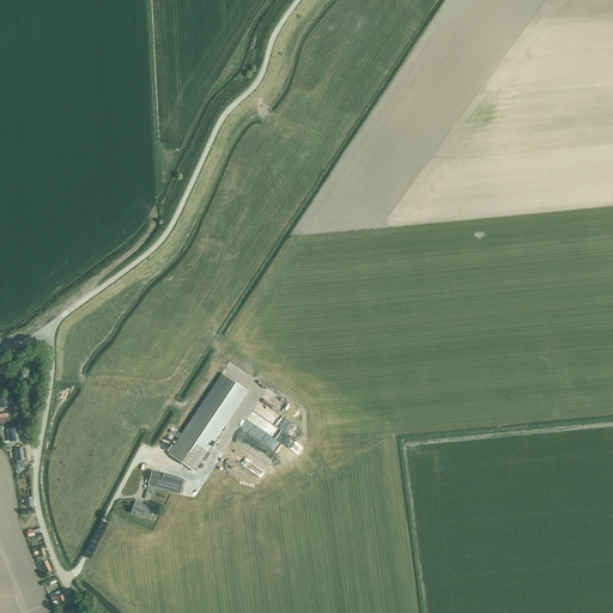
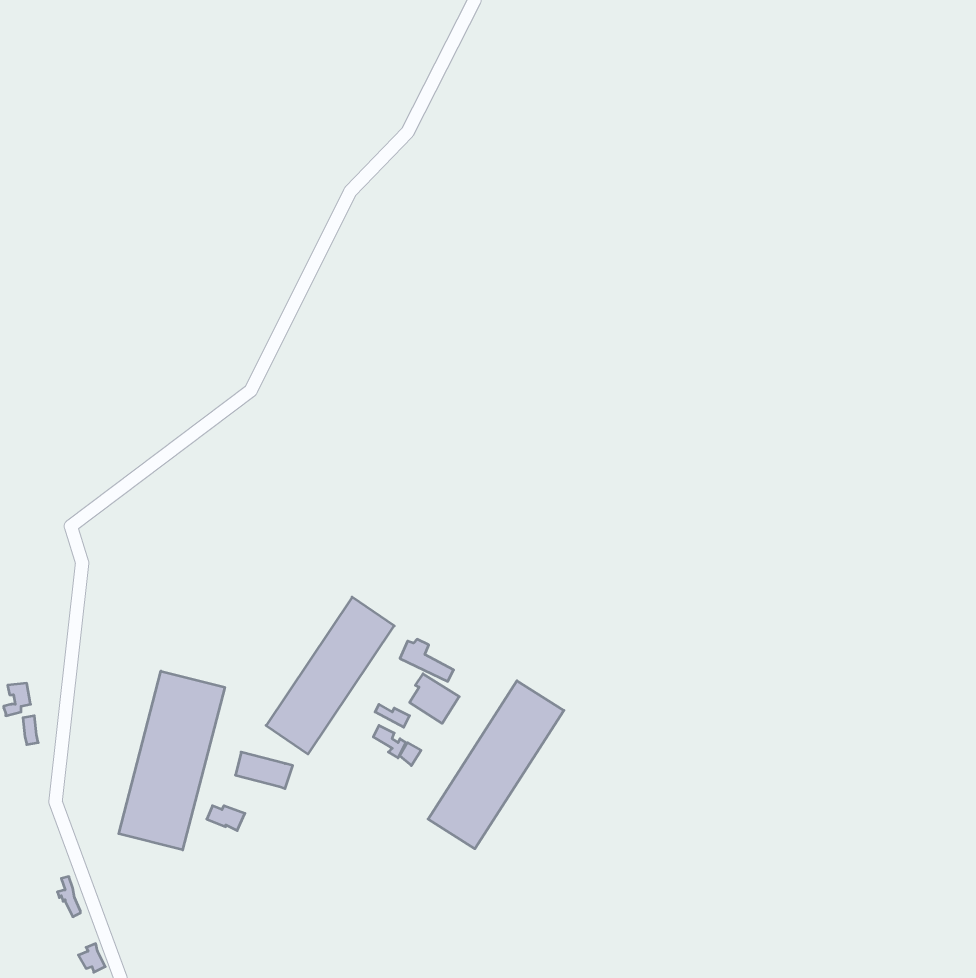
building: none -> [119,671,225,850]
building: none -> [428,681,564,849]

